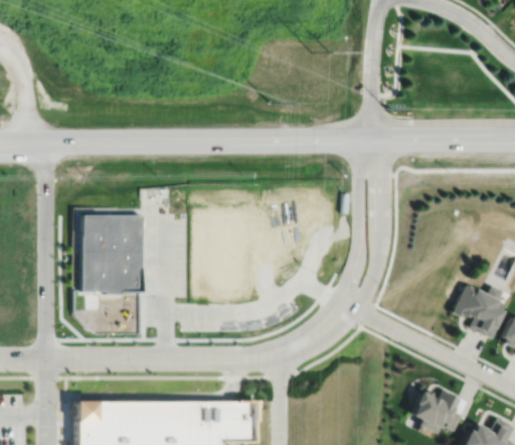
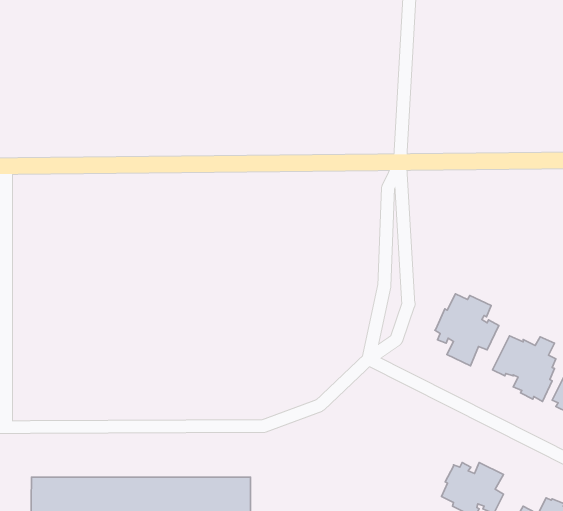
building: [84,214,146,294] -> none
building: none -> [435,294,499,366]

